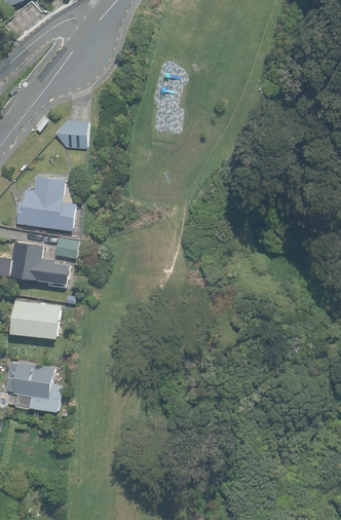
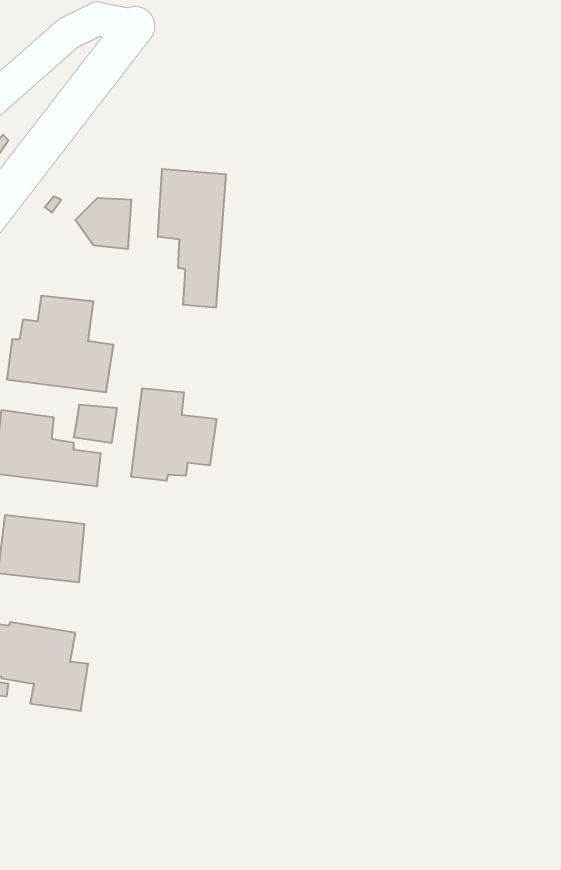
building: none -> [158,169,226,308]
building: none -> [131,388,217,481]

